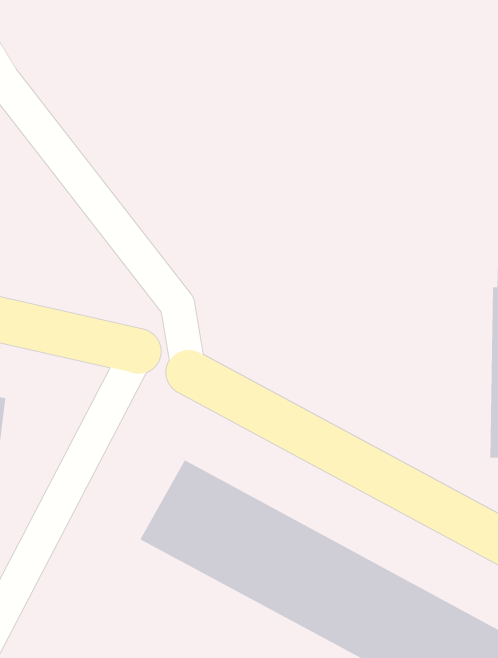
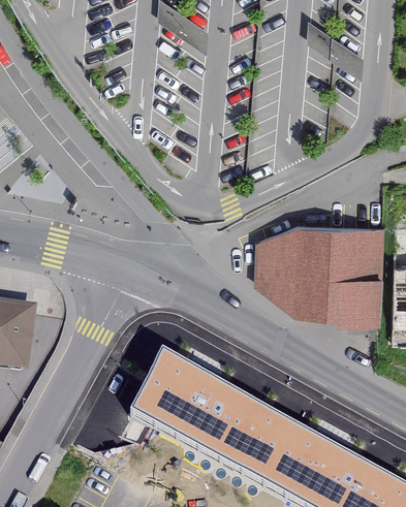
building: none -> [255,226,384,326]

